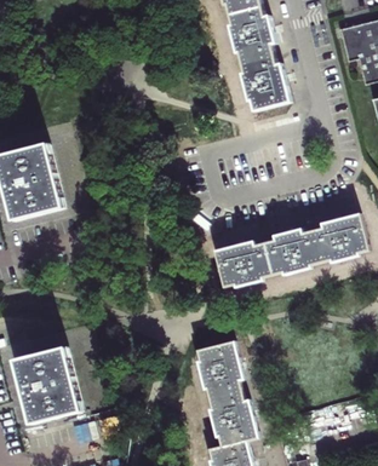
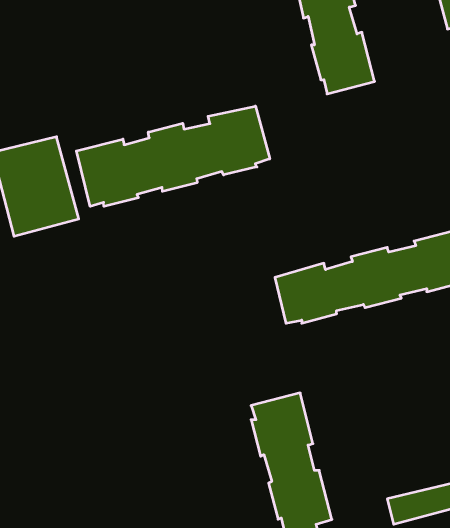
building: none -> [76,106,270,206]
building: [15,346,81,424] -> none

